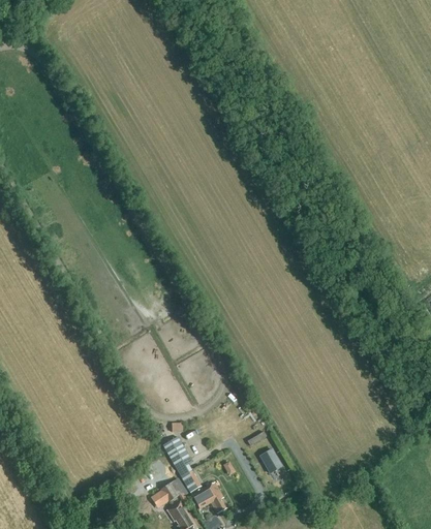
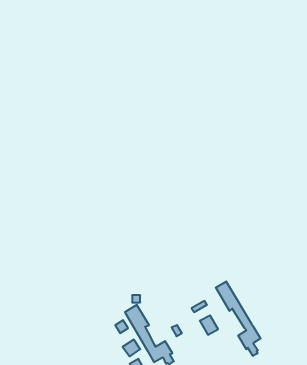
building: none -> [216,281,261,356]

